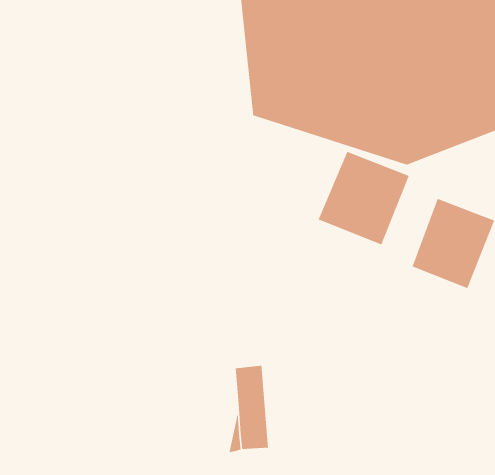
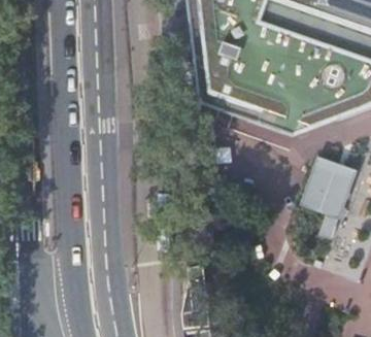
building: [318,151,410,246] -> none

